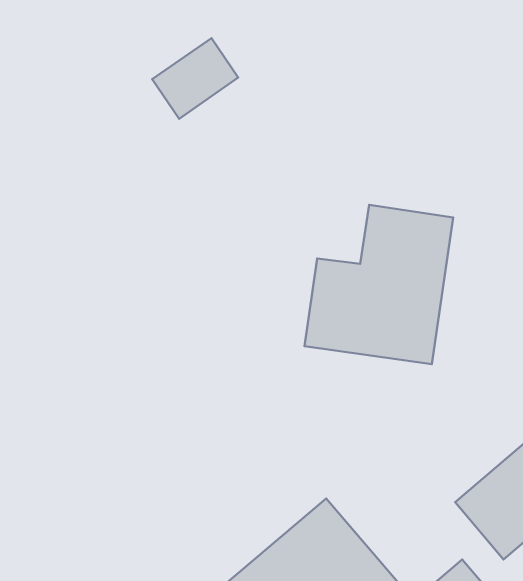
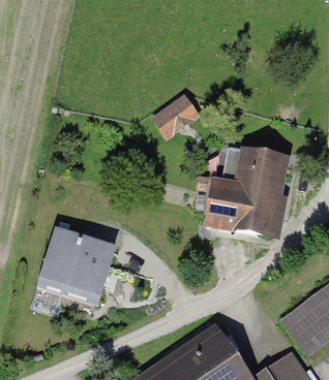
building: [152,38,238,119] -> [152,95,202,141]
building: none -> [31,232,109,302]

